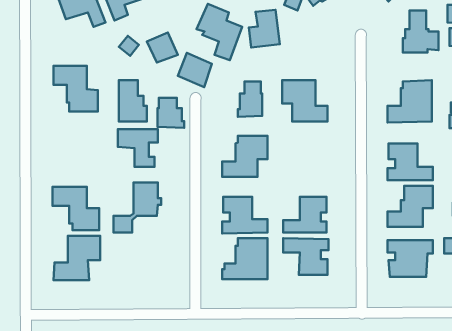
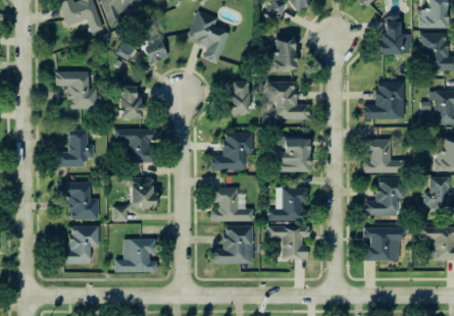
building: [249,10,280,48] -> [267,38,296,72]
building: [178,53,212,87] -> none
building: [158,98,184,128] -> none
building: none -> [57,129,94,169]
building: none -> [279,141,308,173]
building: none -> [114,236,160,272]

